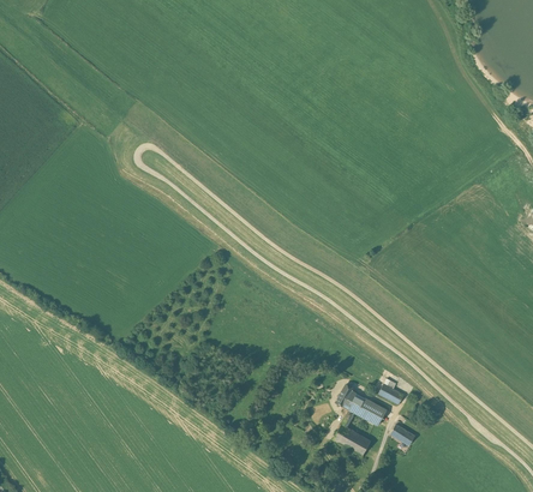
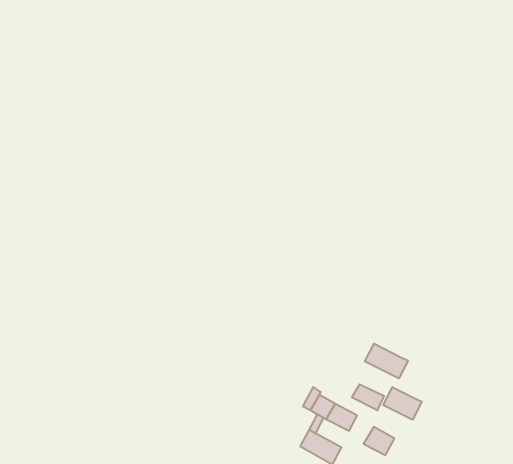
building: none -> [365,344,408,378]
building: none -> [383,387,422,420]

